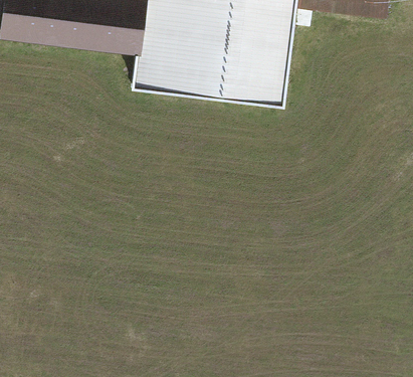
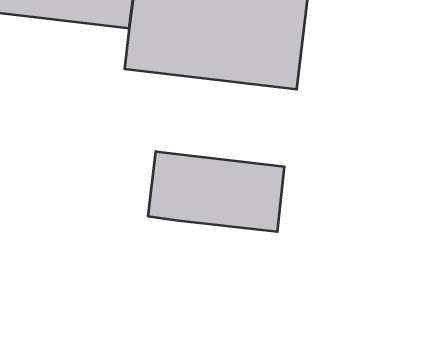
building: none -> [148,151,284,232]

